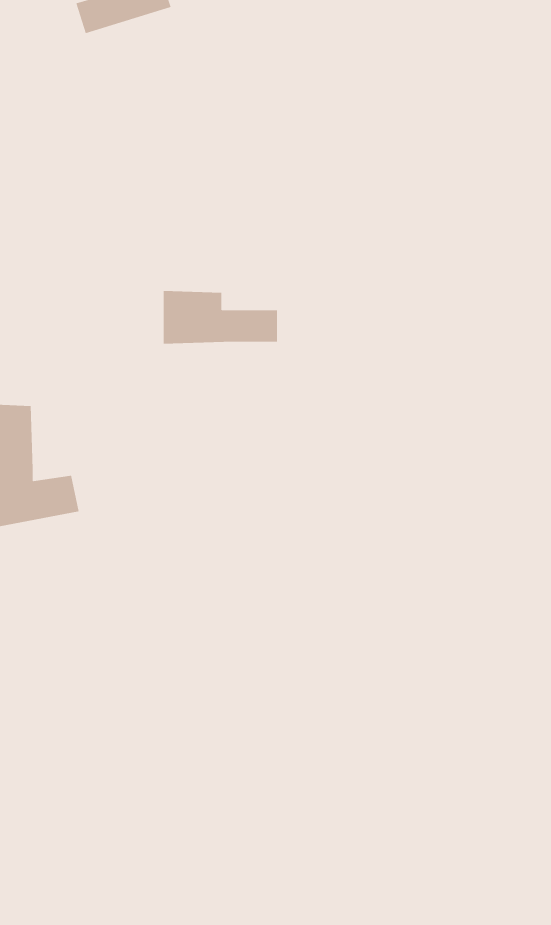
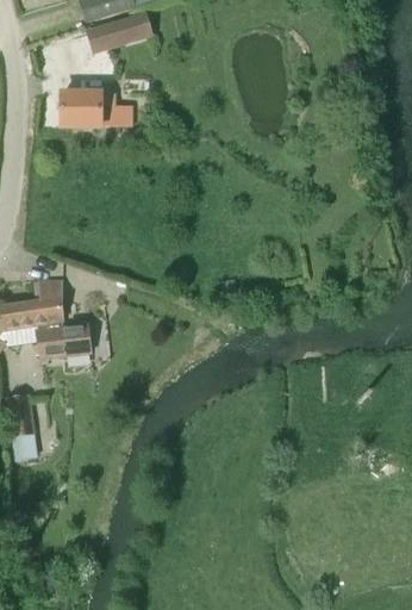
building: [163,291,278,344] -> [61,93,132,126]

